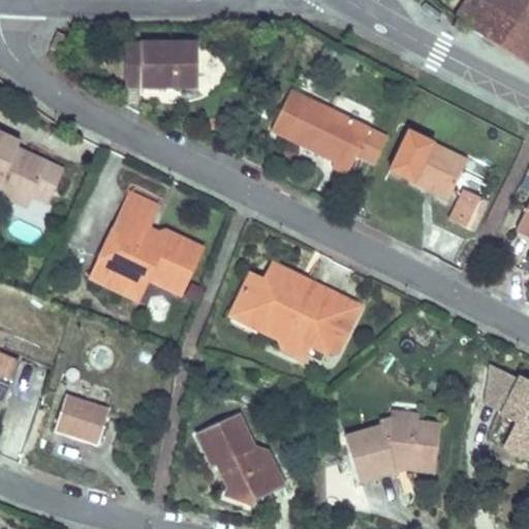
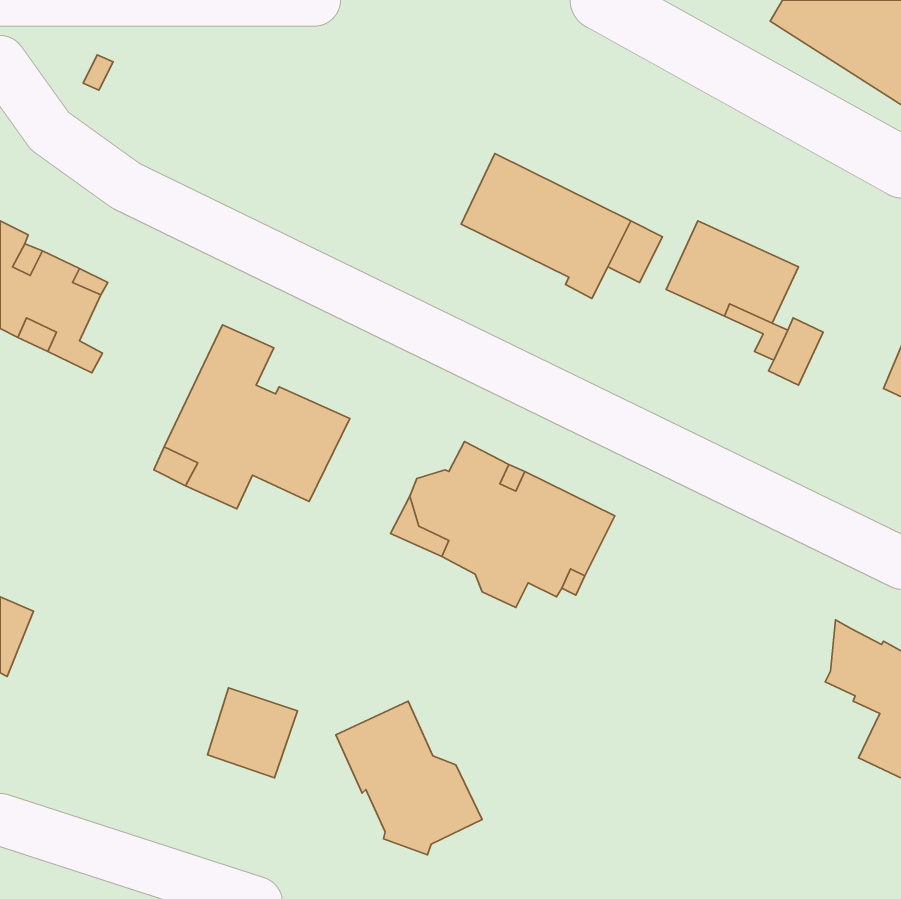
building: [124,38,197,88] -> none
building: [55,390,107,442] -> [207,688,297,778]
building: [347,407,442,478] -> none

